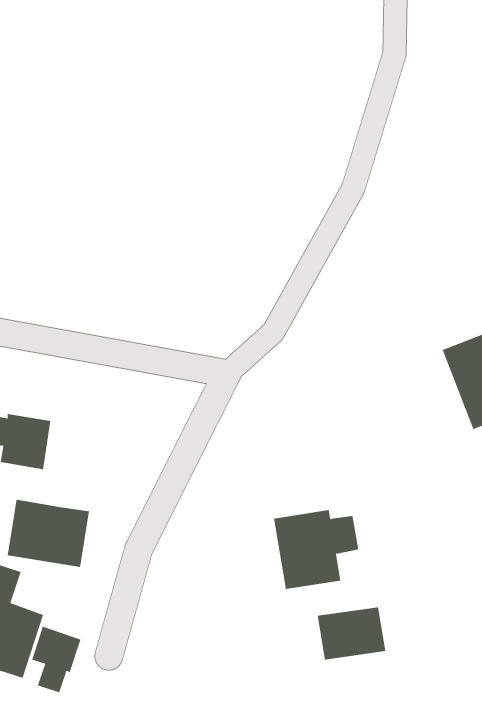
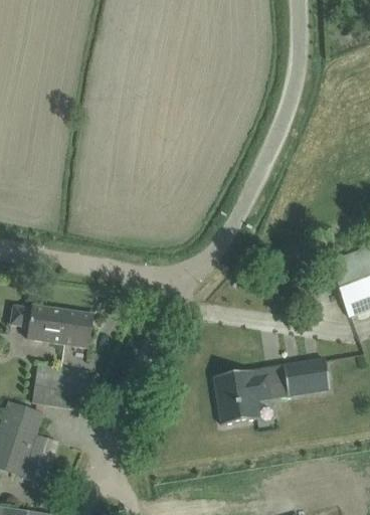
building: none -> [57,310,92,348]
building: [317,607,386,660] -> [283,359,330,395]
building: [31,626,81,693] -> none

